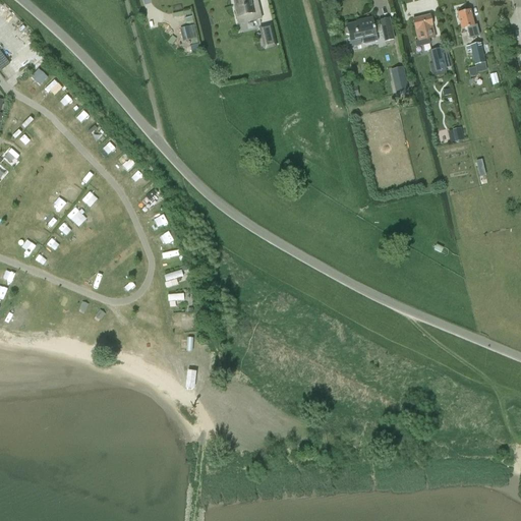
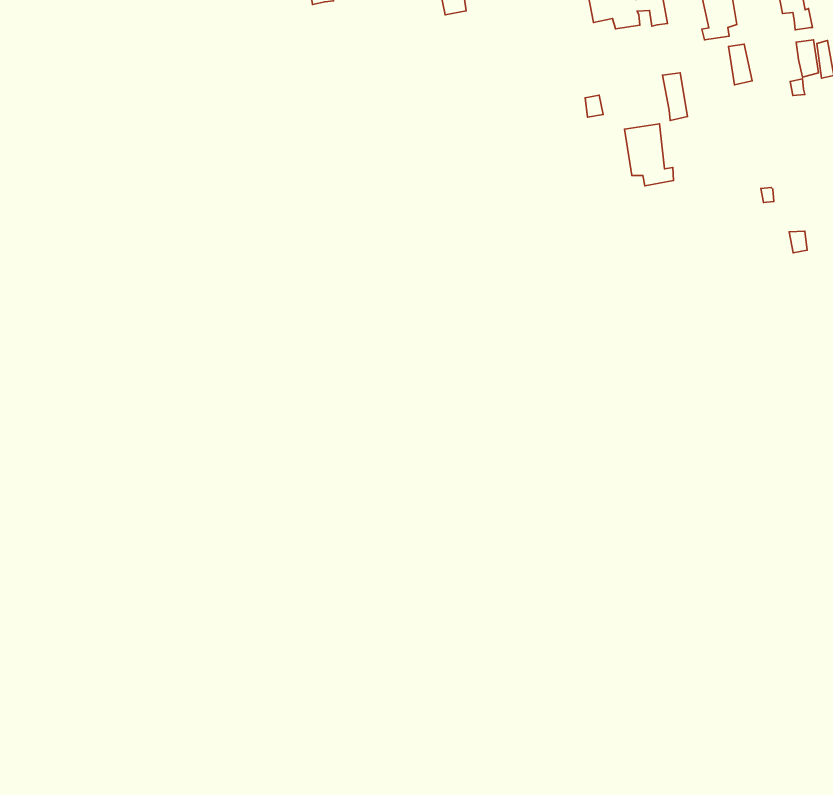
building: none -> [624,124,674,186]

